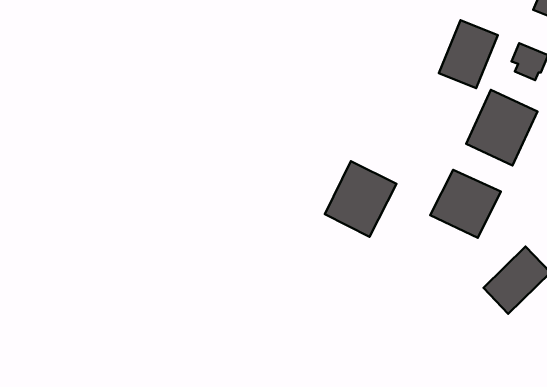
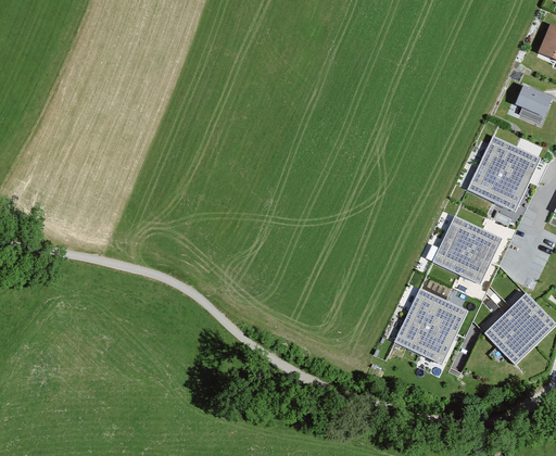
building: [439,20,498,88] -> none
building: [325,161,396,237] -> [395,288,467,364]

